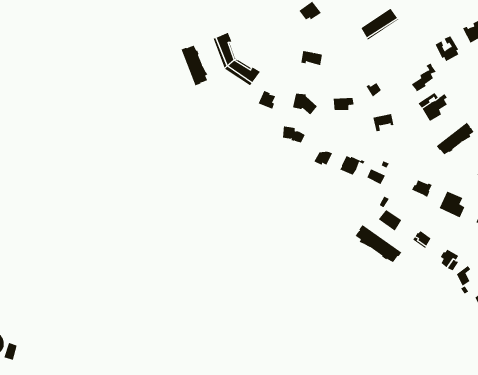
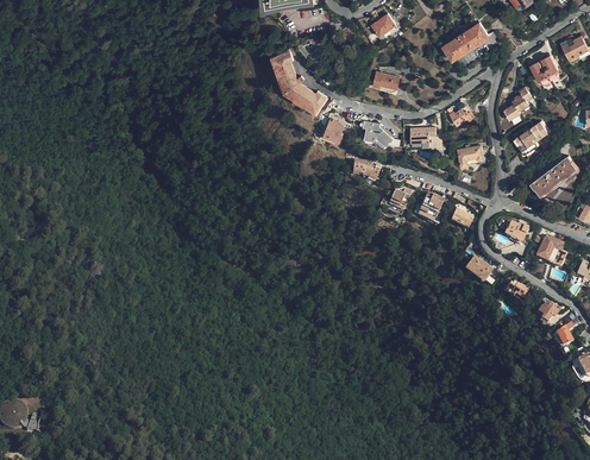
building: [181,45,208,86] -> none
building: [355,224,402,263] -> none

